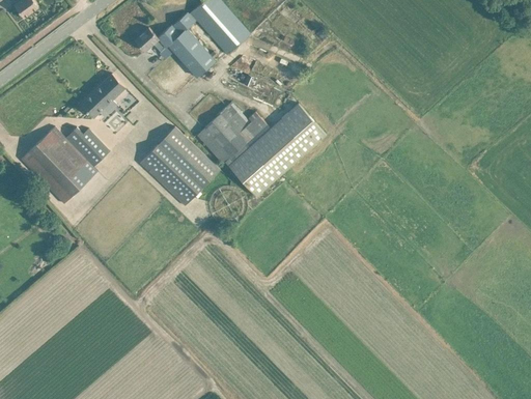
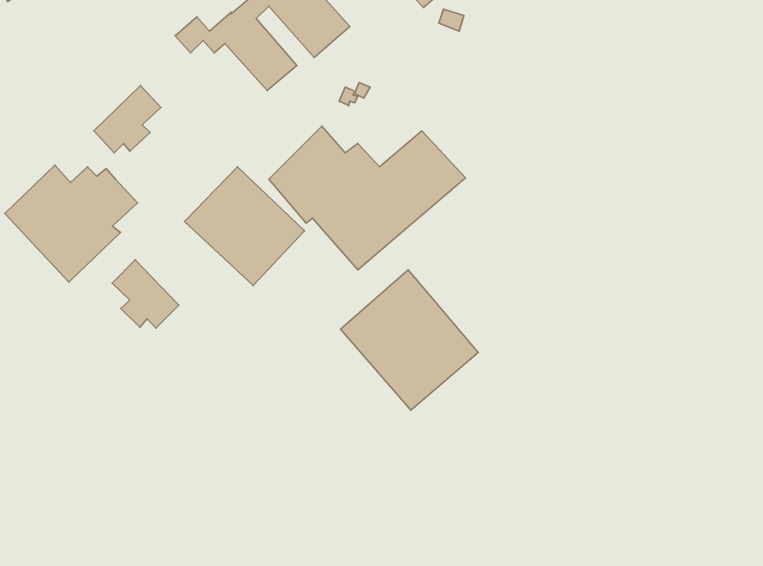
building: none -> [112,260,179,328]
building: none -> [341,270,478,410]

